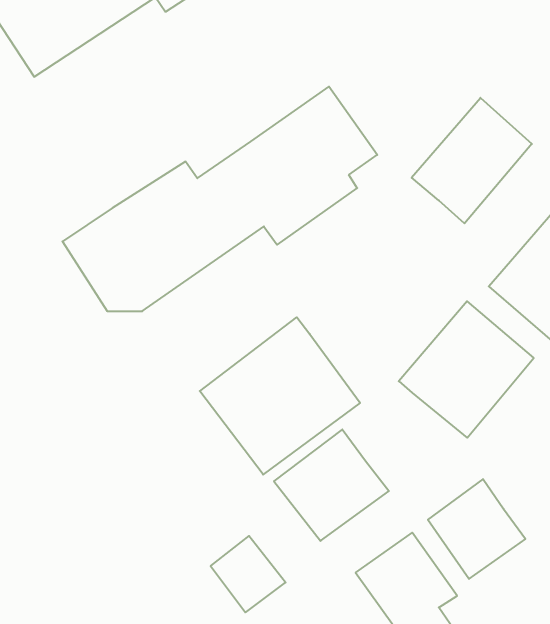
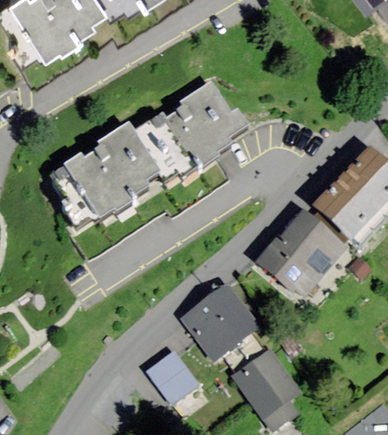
building: [412,98,532,223] -> none
building: [200,317,360,475] -> none
building: [428,479,525,579] -> none

